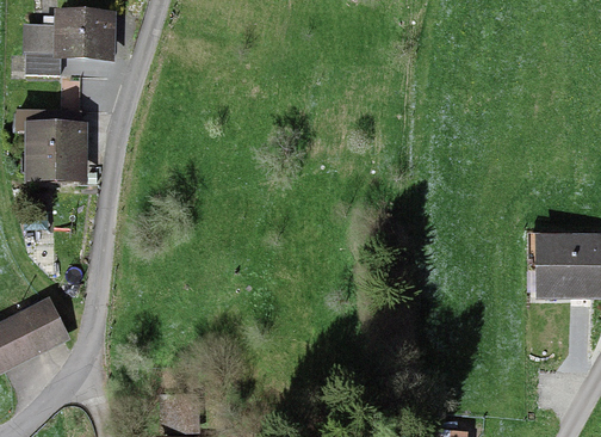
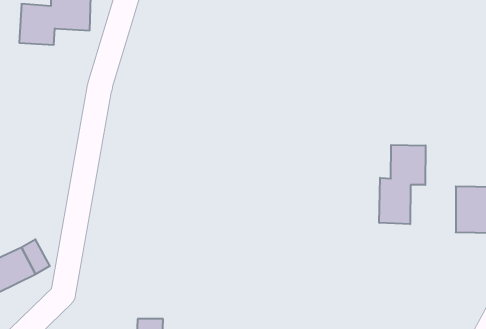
building: [30,129,78,170] -> none
building: none -> [379,145,426,224]

